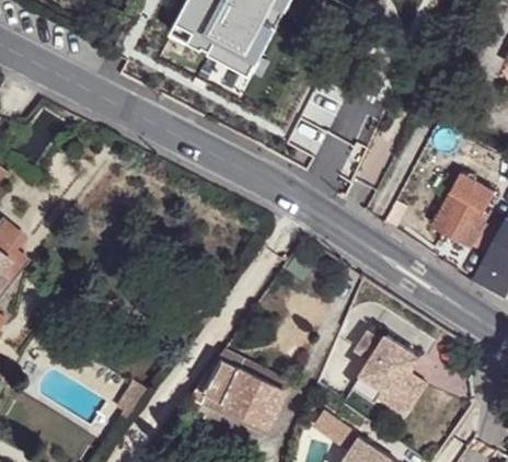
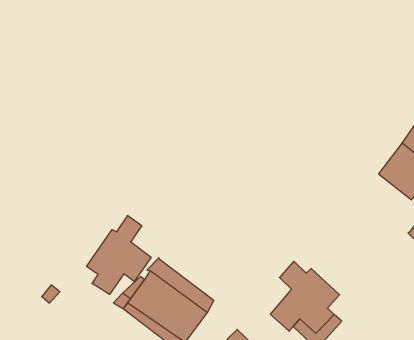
building: none -> [87,216,151,294]

